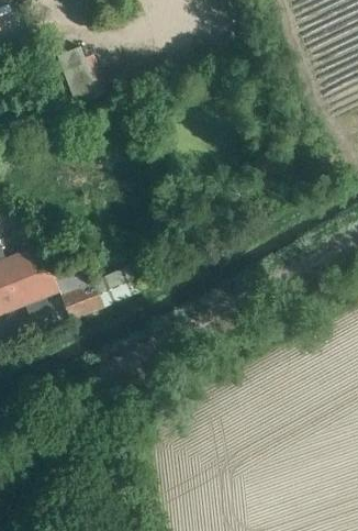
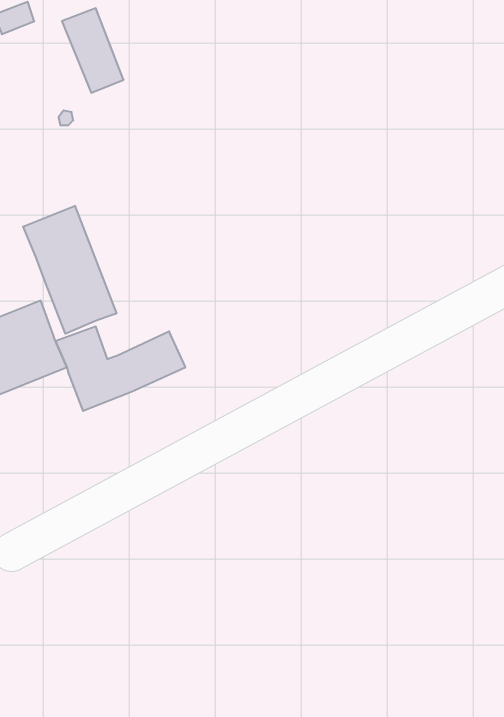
building: none -> [23,206,116,334]

